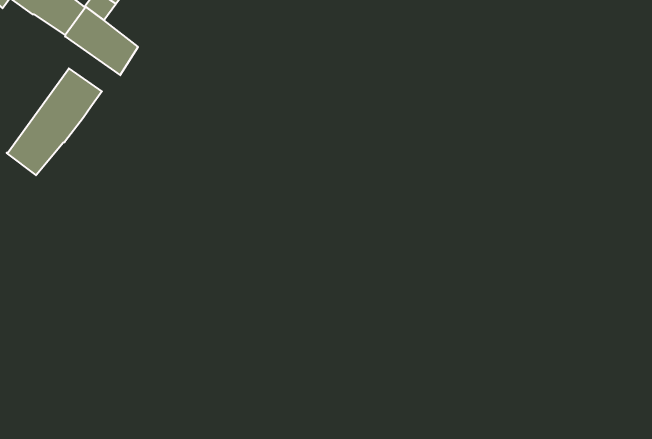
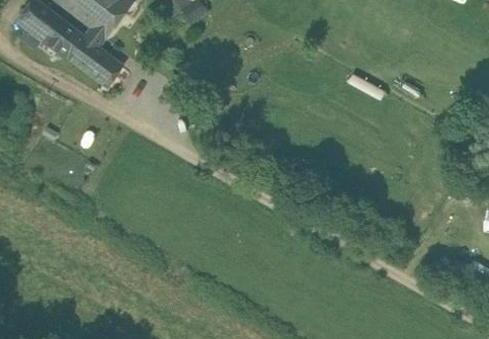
building: [7,68,102,175] -> none

